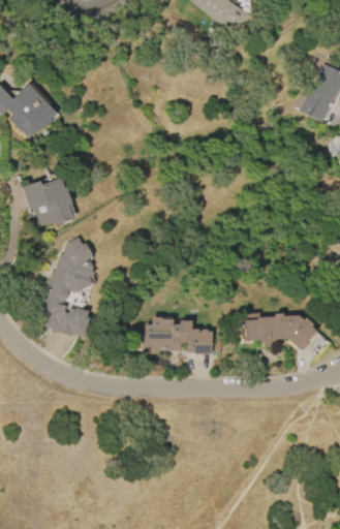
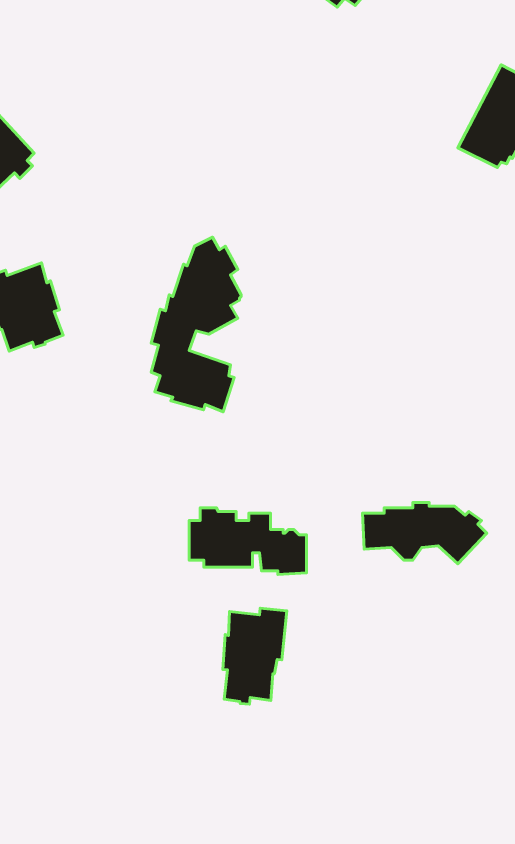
building: [42,237,94,337] -> [151,237,241,412]
building: none -> [223,608,287,704]

